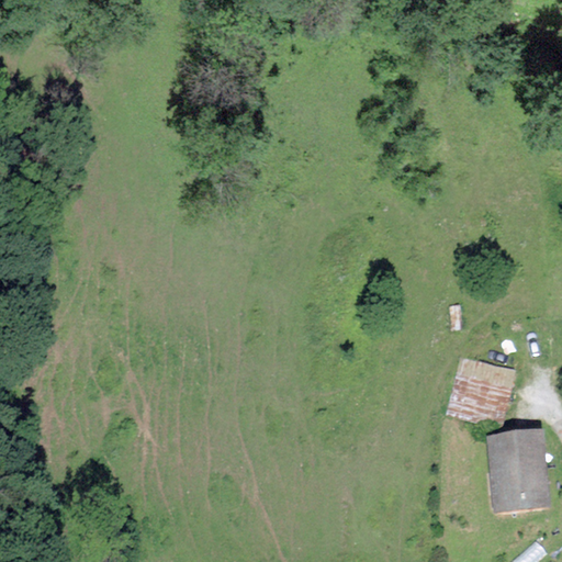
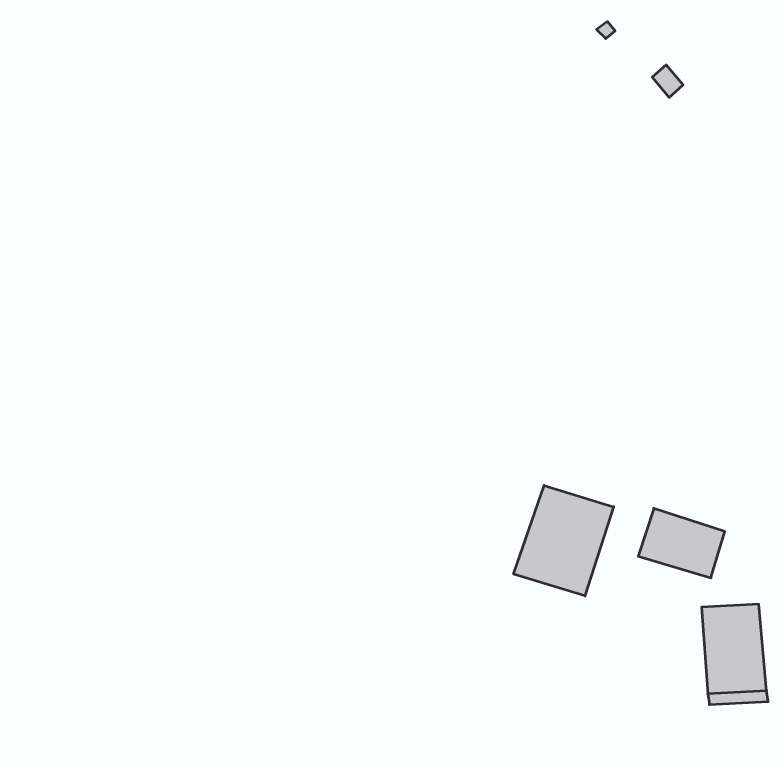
building: none -> [514,485,614,596]

